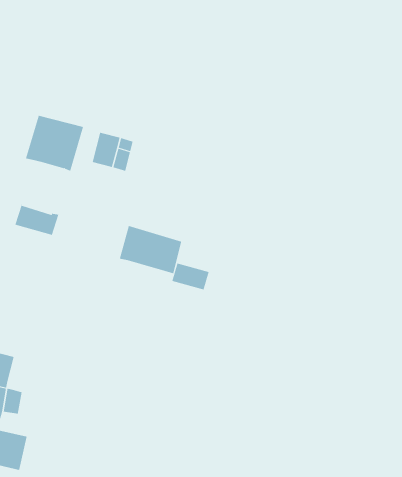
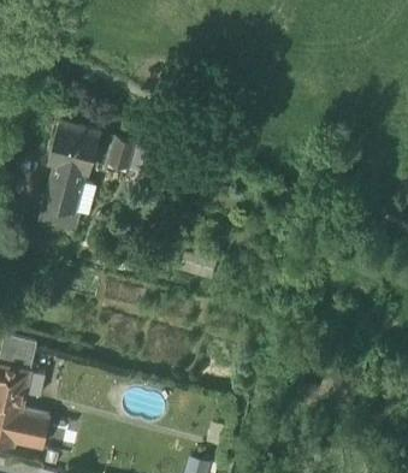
building: none -> [45,164,83,212]
building: [119,225,182,274] -> none

